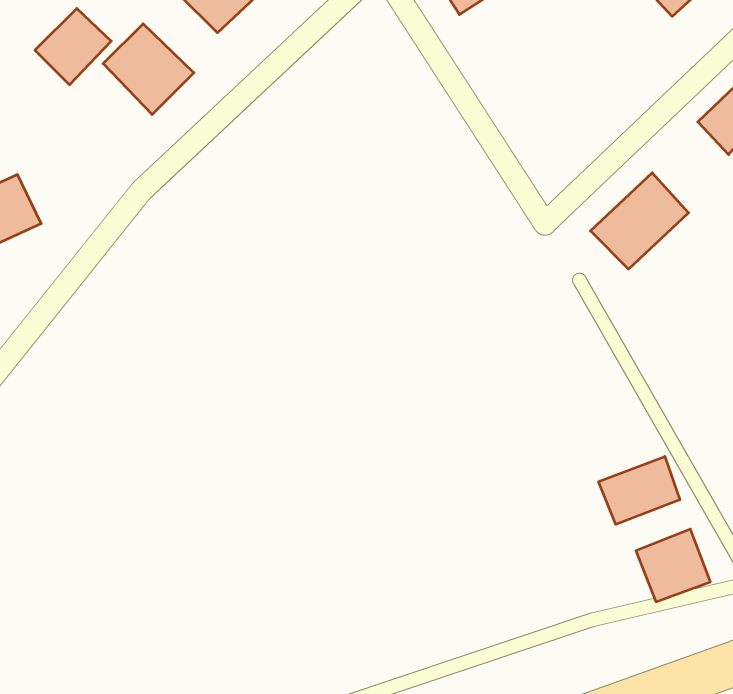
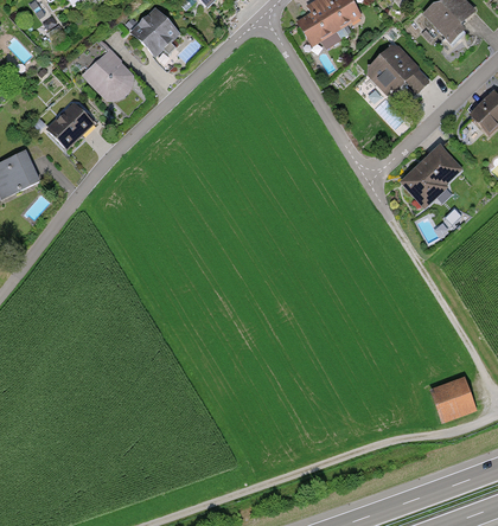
building: none -> [365,40,430,96]
building: [35,8,111,85] -> [46,100,96,149]
building: [599,456,680,524] -> none

